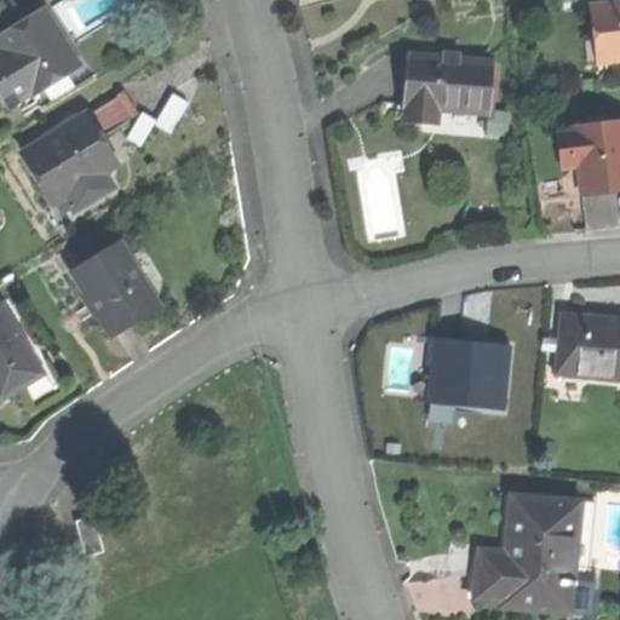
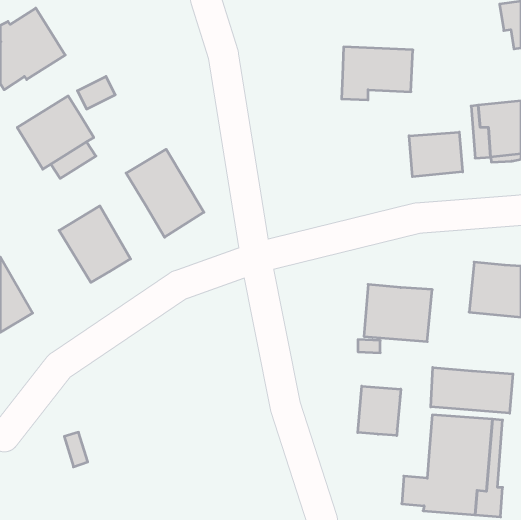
building: none -> [409,132,463,177]
building: none -> [126,149,204,237]
building: none -> [431,367,513,413]
building: none -> [358,386,401,436]

